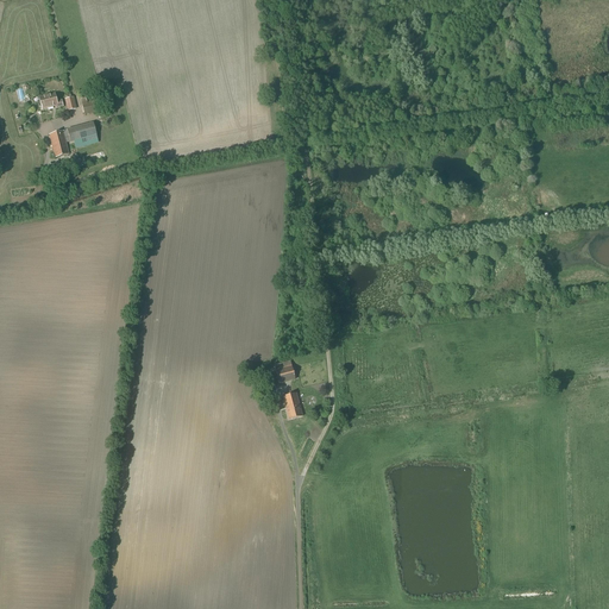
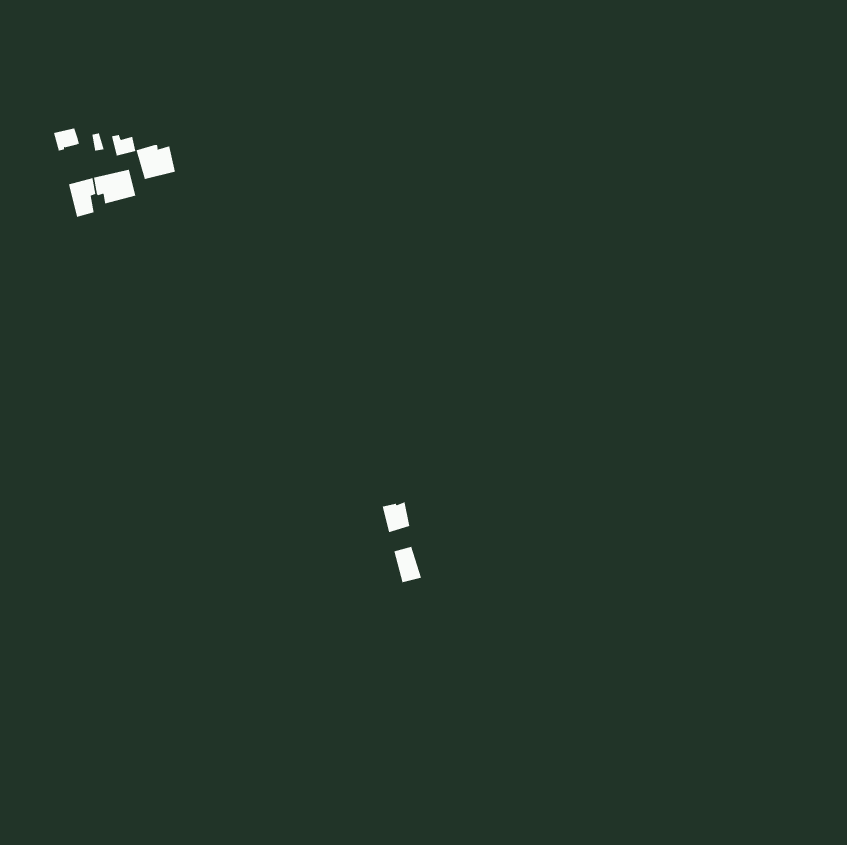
building: none -> [136,144,176,180]

